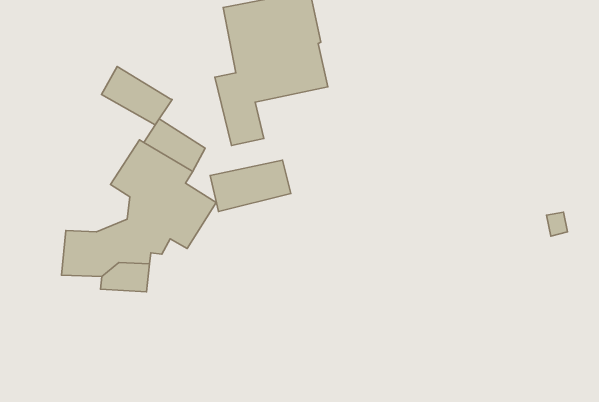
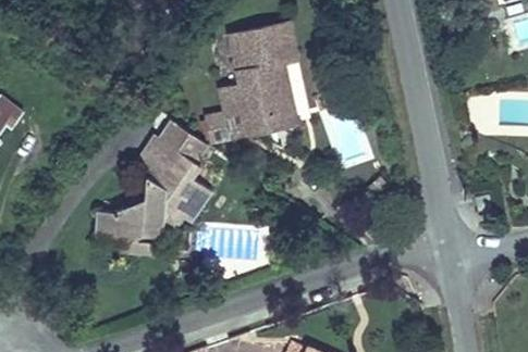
building: [102,66,172,125] -> none
building: [210,160,291,212] -> [244,95,307,135]

